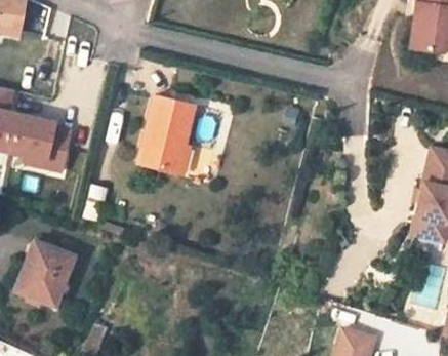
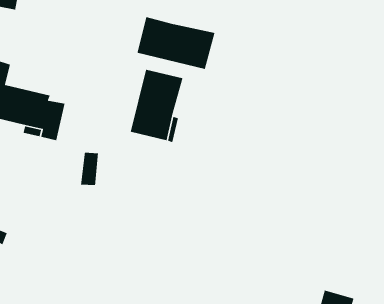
building: none -> [137,16,215,70]
building: [14,241,74,305] -> none

